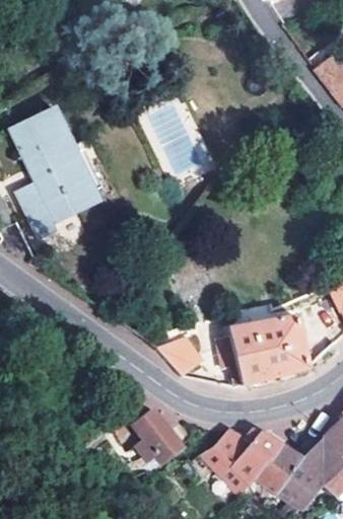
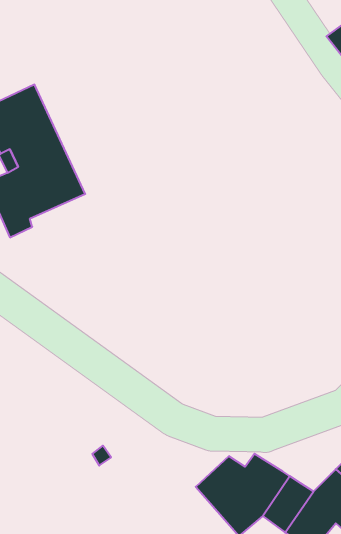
building: [219,315,310,385] -> none
building: [156,338,202,373] -> none
building: [134,410,184,463] -> none

